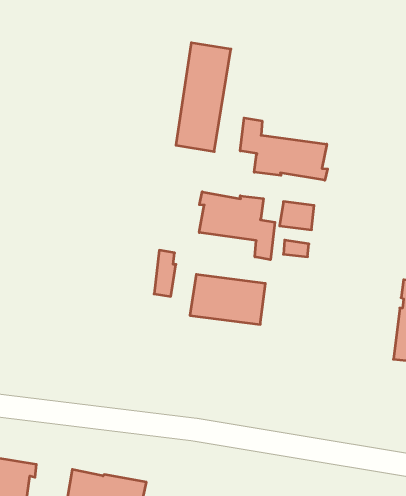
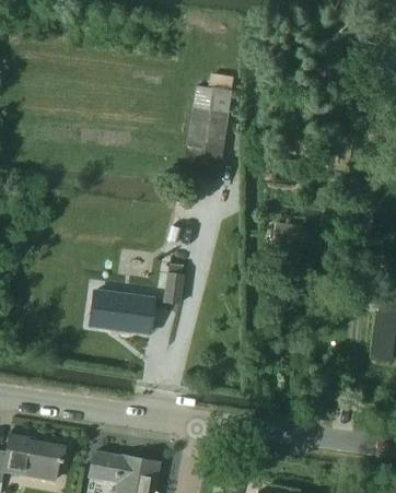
building: [240,118,328,180] -> none
building: [199,192,275,260] -> none
building: [190,274,265,324] -> [90,291,154,333]

